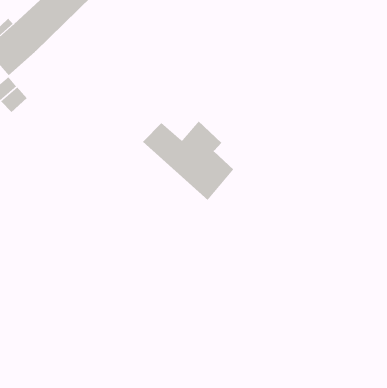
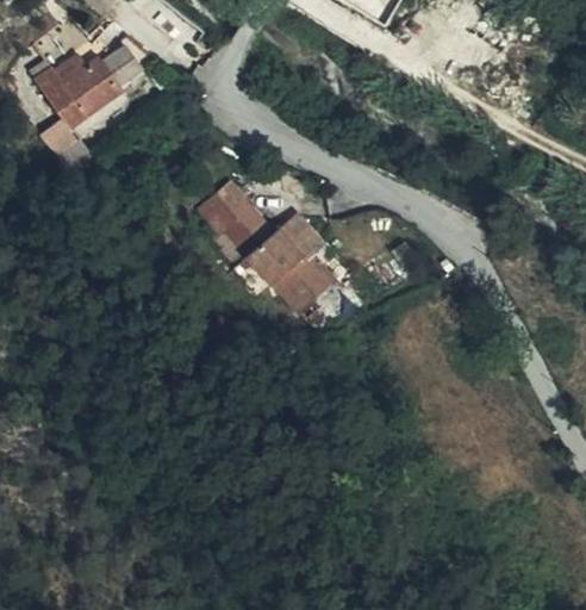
building: none -> [200,186,253,237]

